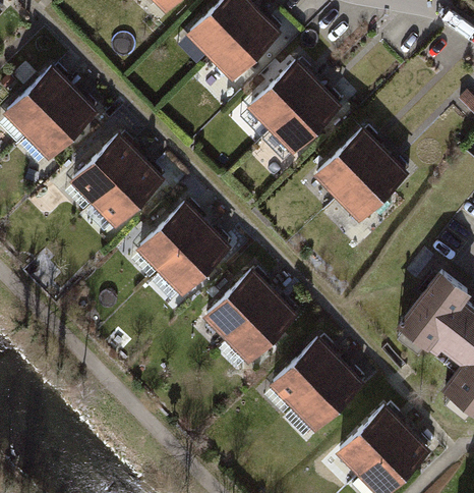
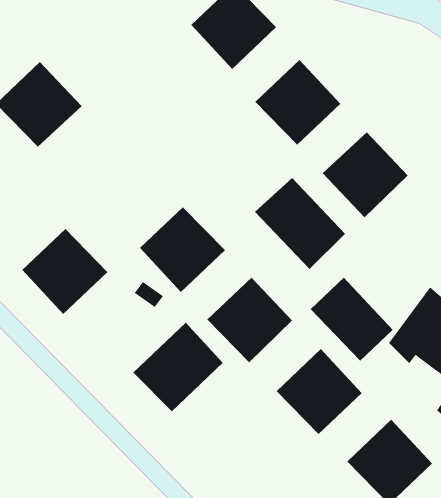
building: [79,140,162,222] -> [22,228,108,315]
building: none -> [254,177,346,270]
building: none -> [310,277,393,361]
building: none -> [133,322,224,412]

